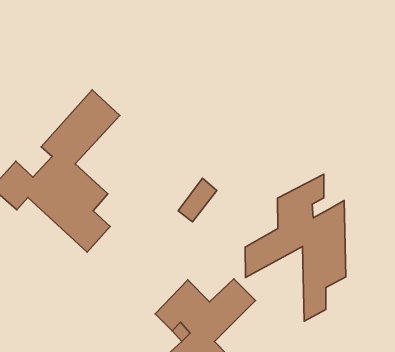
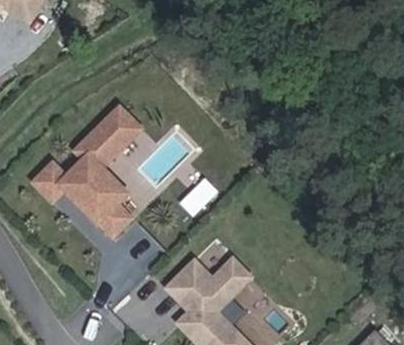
building: [245,174,346,321] -> none

